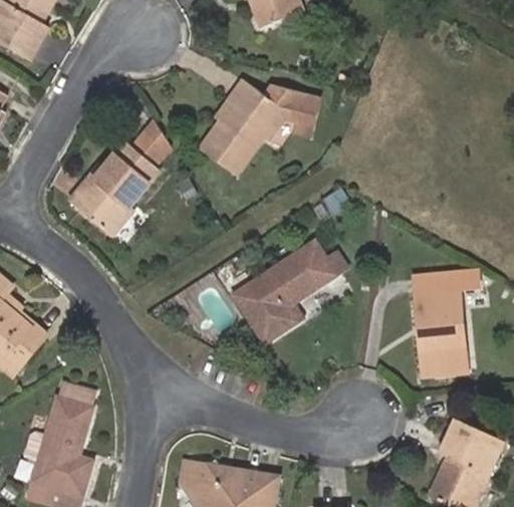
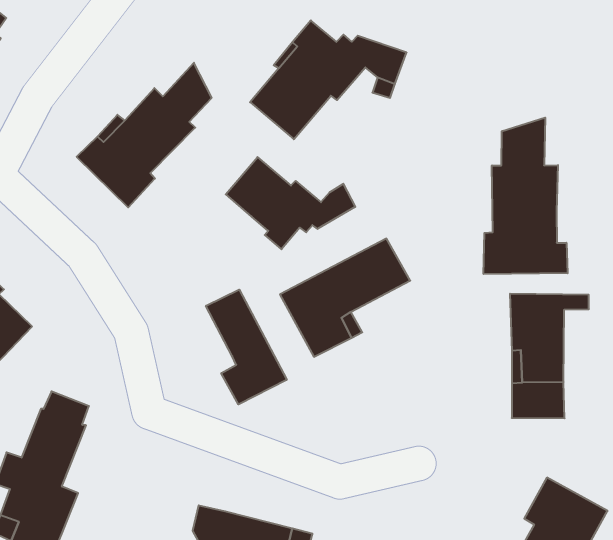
building: none -> [484,118,568,274]
building: none -> [226,157,355,249]
building: none -> [206,290,287,404]

